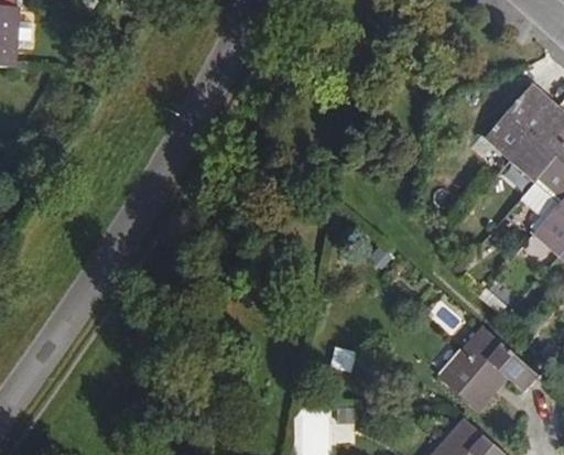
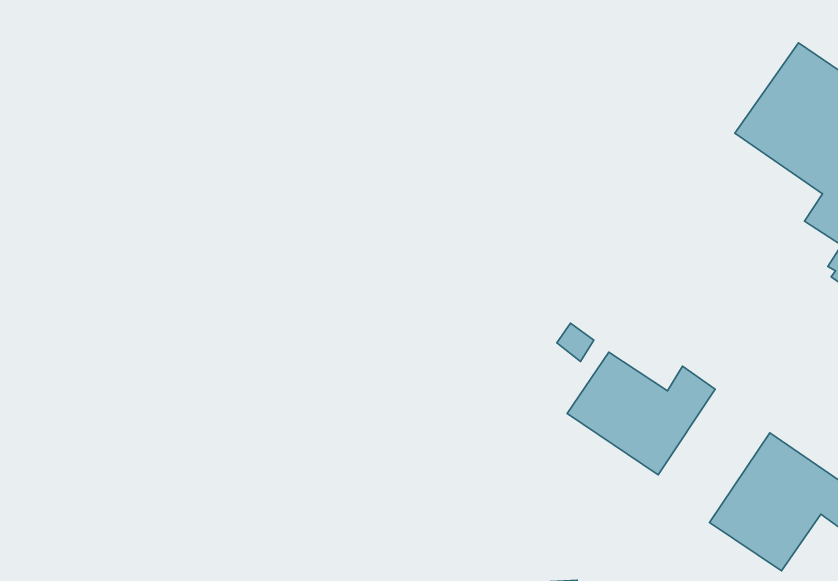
building: none -> [567,352,715,475]

